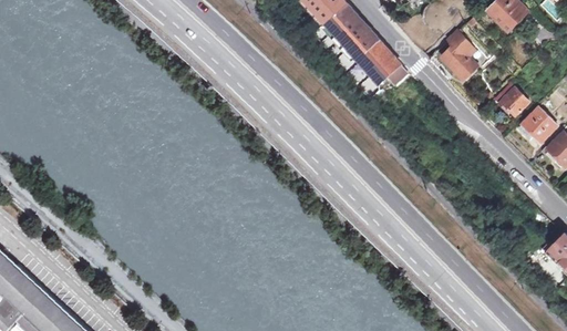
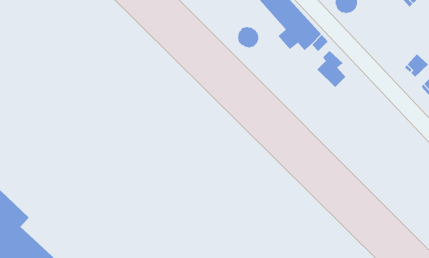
building: [442,31,477,76] -> [317,50,346,88]
building: none -> [237,26,259,48]

